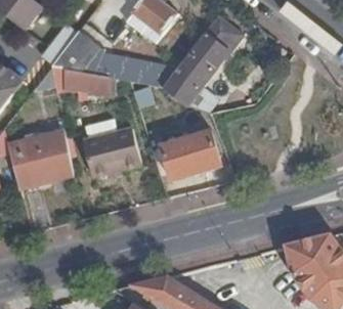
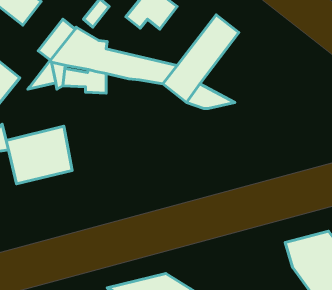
building: [84,129,140,177] -> none
building: [160,130,218,184] -> none

